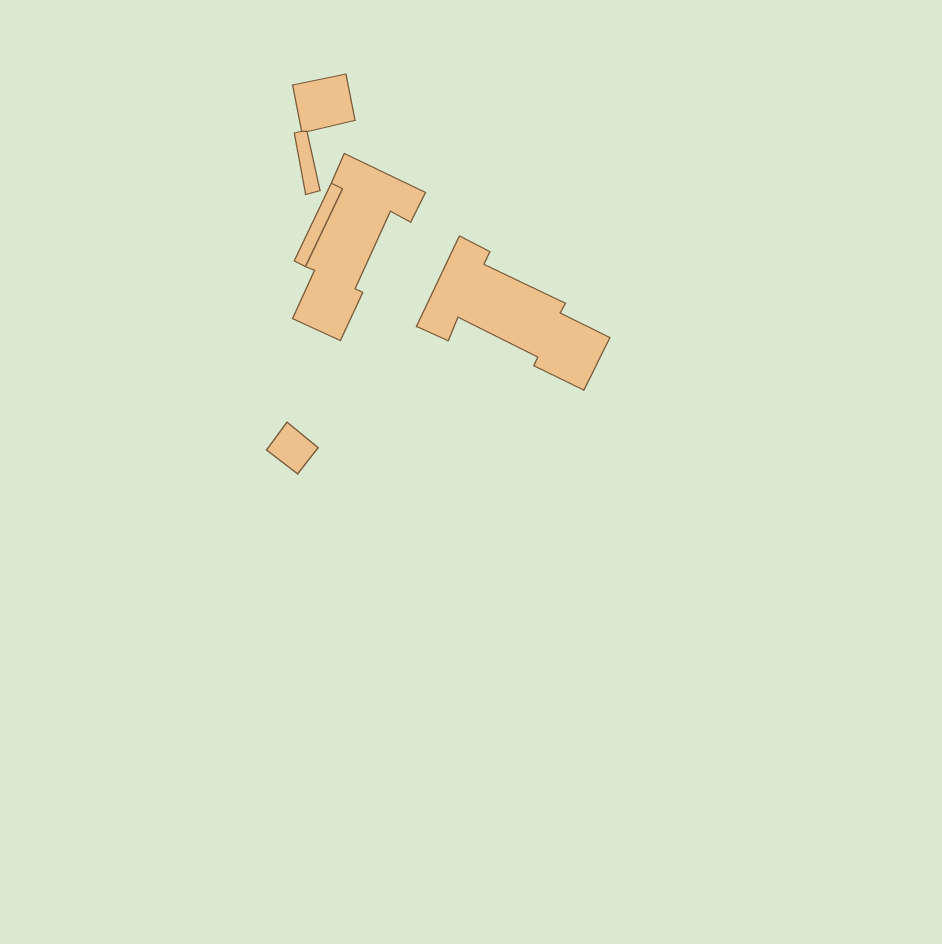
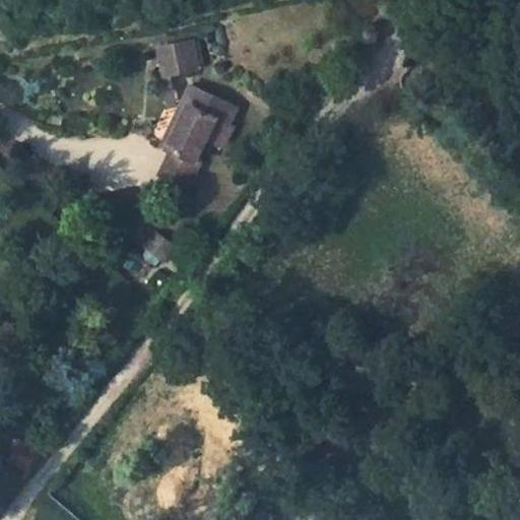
building: [416,236,610,390] -> none

